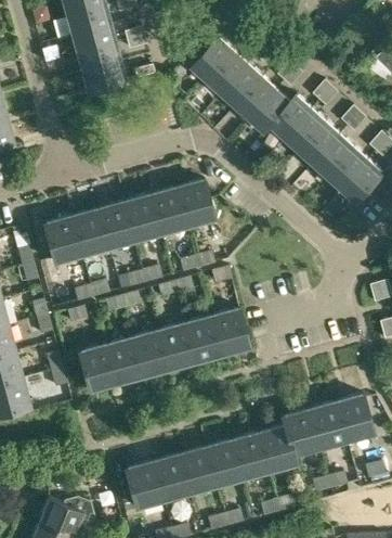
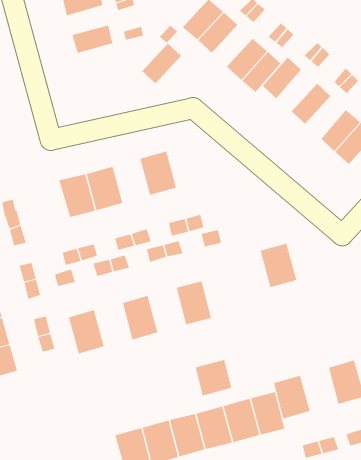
building: [78,43,120,73] -> none
building: [222,63,262,104] -> [141,43,182,84]
building: [286,107,326,149] -> none
building: [314,133,354,176] -> none
building: [178,181,213,225] -> none
building: [125,195,160,240] -> none
building: [44,217,81,261] -> none
building: [212,309,249,354] -> [260,243,297,288]
building: [159,323,196,368] -> none
building: [106,338,143,382] -> none
building: none -> [195,359,232,399]
building: [310,402,347,446] -> none

